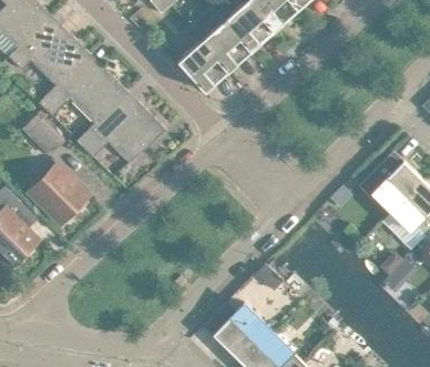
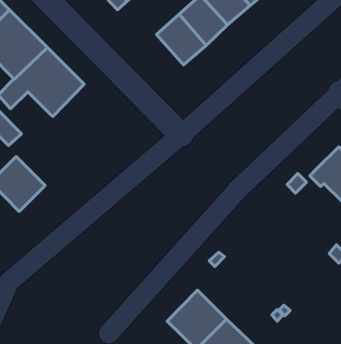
building: [176,41,228,93] -> none
building: [76,92,165,163] -> none

